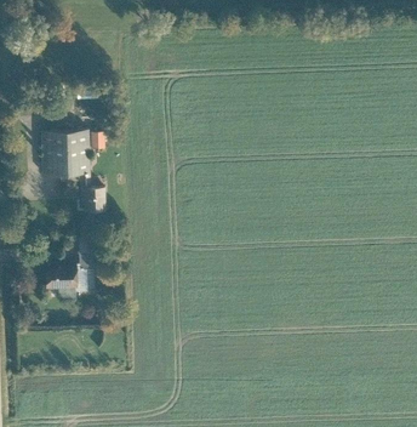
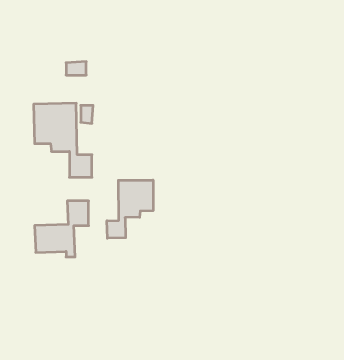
building: none -> [107,180,153,238]

